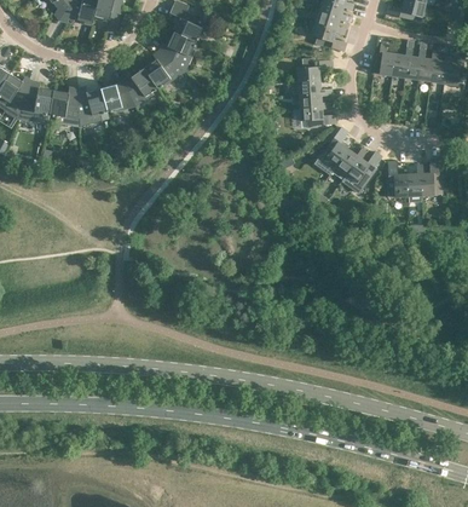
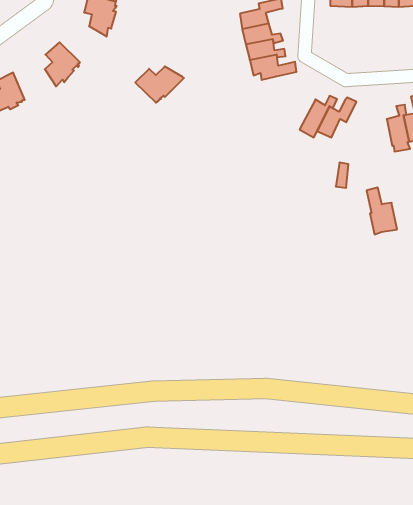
building: [143,58,184,87] -> [135,66,184,103]
building: [100,83,134,111] -> none
building: [323,126,348,166] -> none
building: [386,159,406,197] -> [367,187,397,234]

